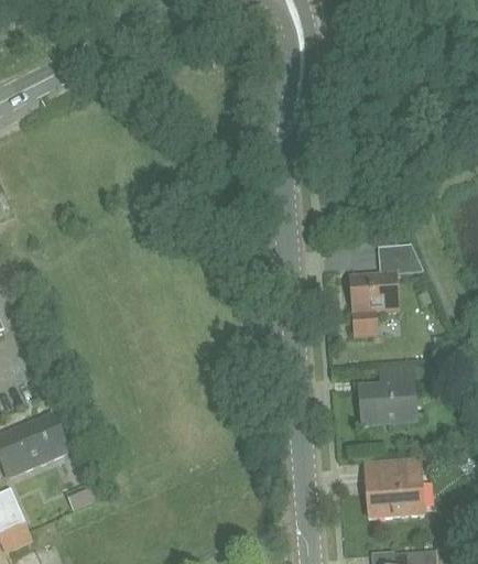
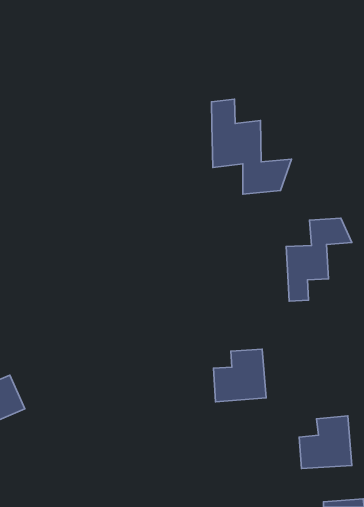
building: none -> [211,99,291,194]
building: [359,368,416,425] -> [214,349,266,402]

